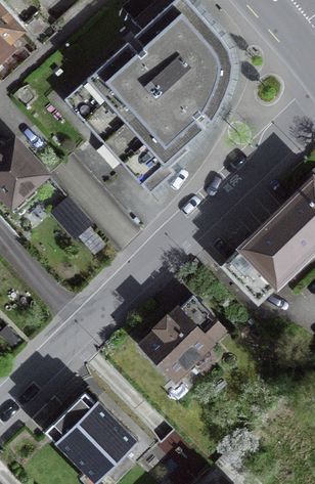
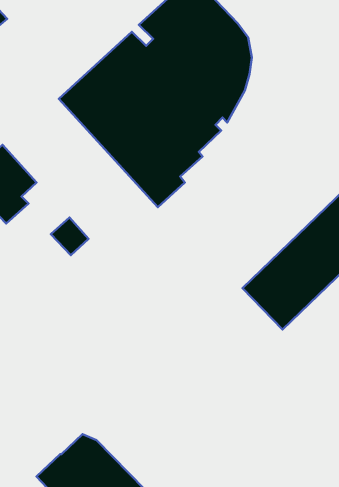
building: [141,296,224,378] -> none

